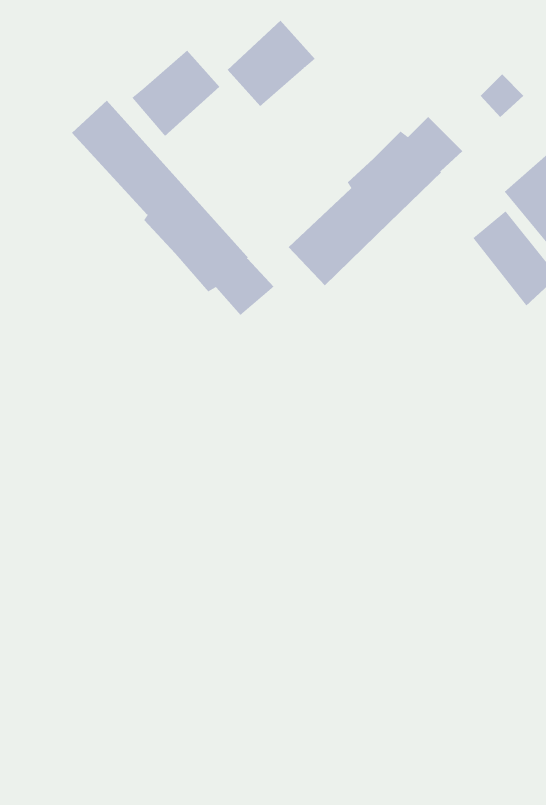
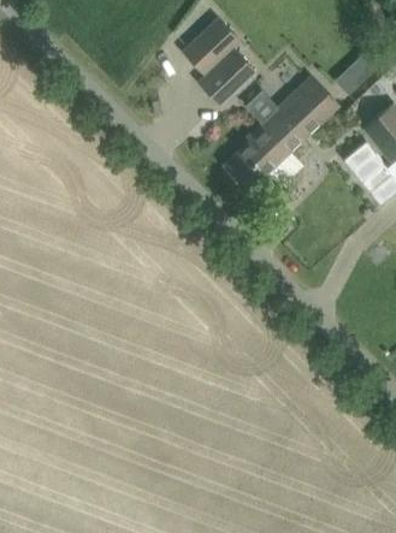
building: [132,50,220,137] -> [199,49,256,106]
building: [71,100,274,316] -> none

